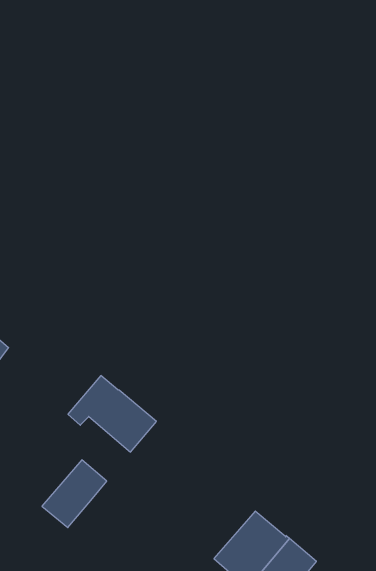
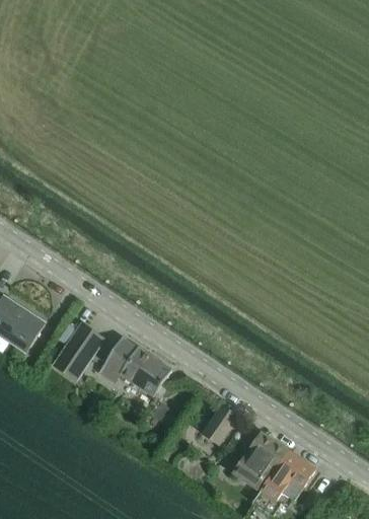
building: [42,460,107,528] -> [53,323,103,380]
building: none -> [203,405,237,444]

